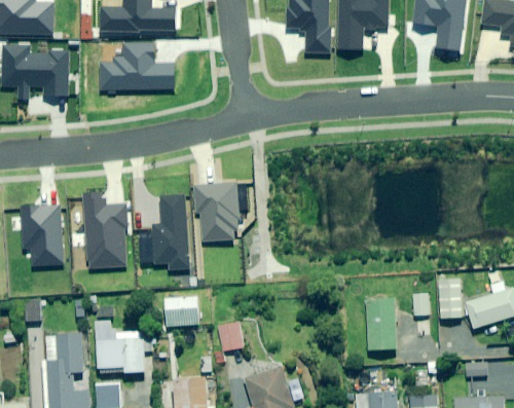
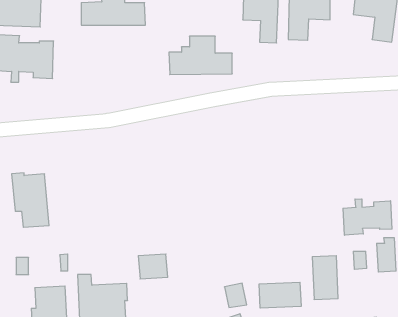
building: [100,44,173,88] -> [169,36,232,75]
building: [193,182,240,242] -> none
building: [82,190,126,269] -> none
building: [149,194,189,270] -> none
building: none -> [343,199,392,235]
building: [219,323,245,350] -> [224,283,247,307]
building: none -> [259,282,301,308]

